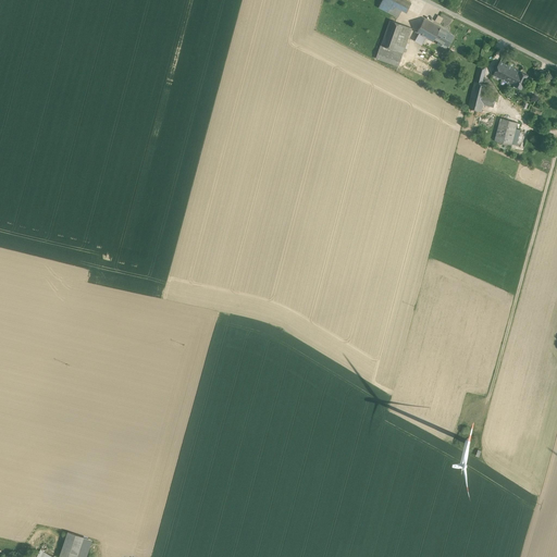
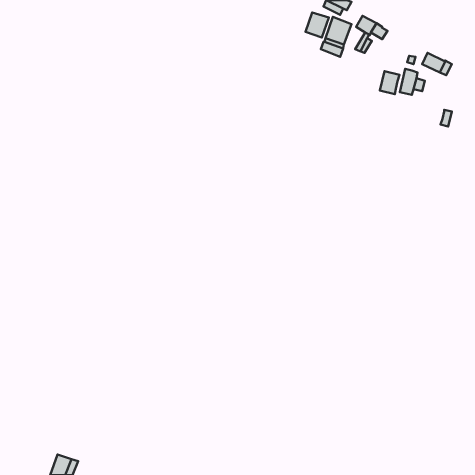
building: none -> [306,12,329,38]
building: [495,117,518,145] -> [380,71,399,94]

